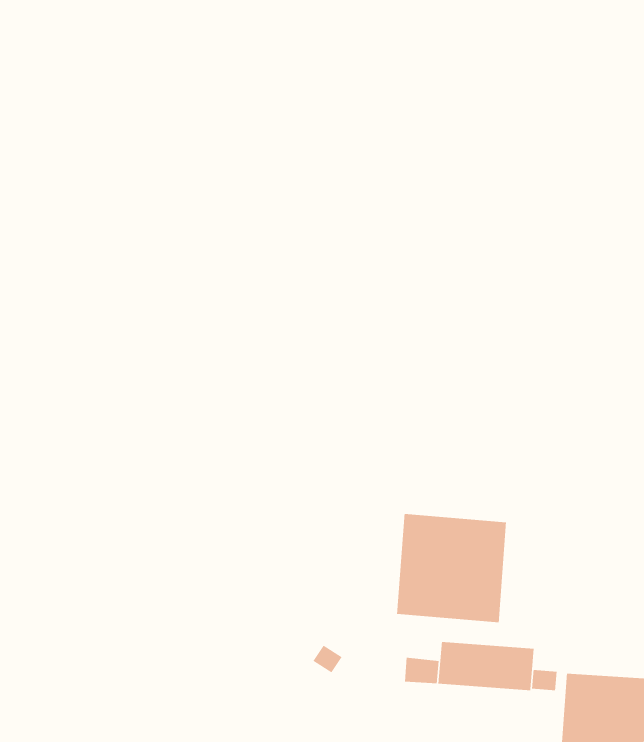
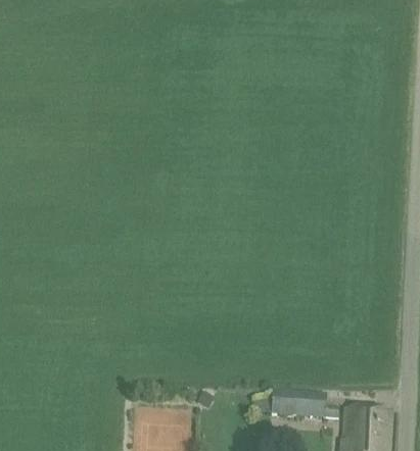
building: [396,513,507,623] -> none

